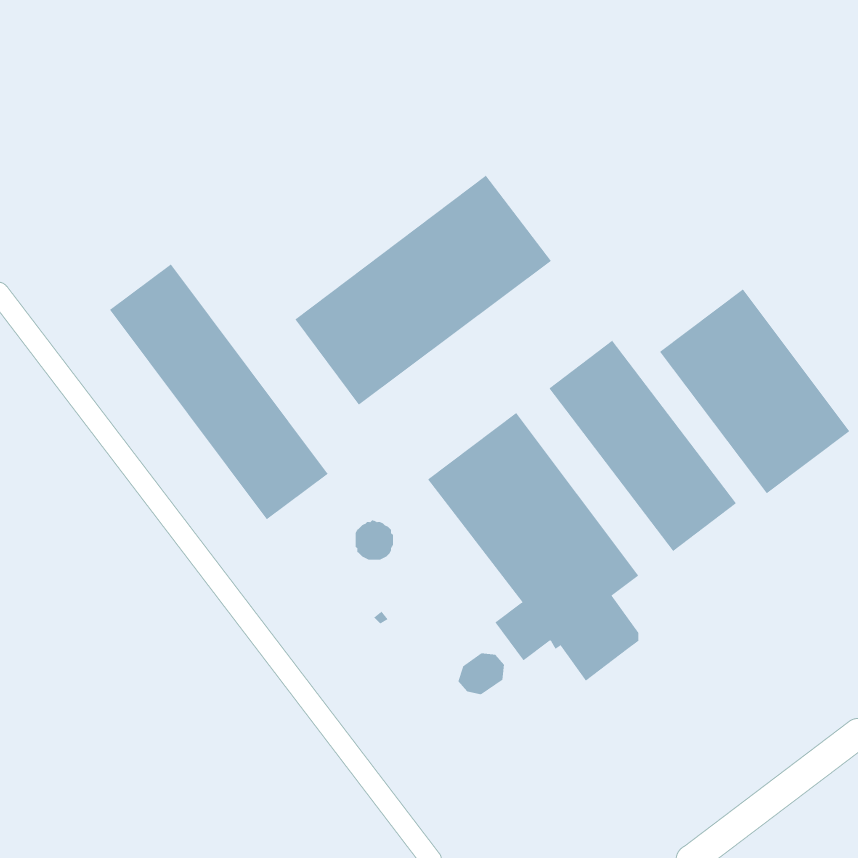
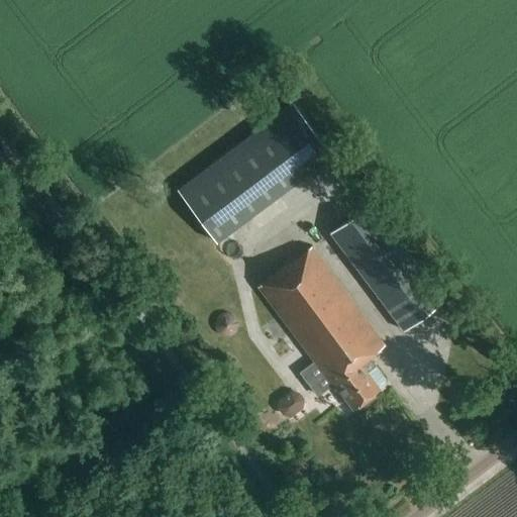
building: [109,263,329,520] -> none
building: [659,289,850,494] -> none

